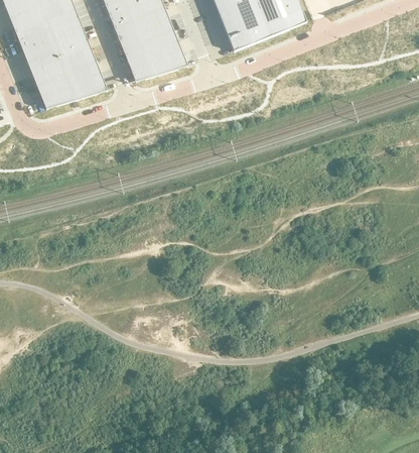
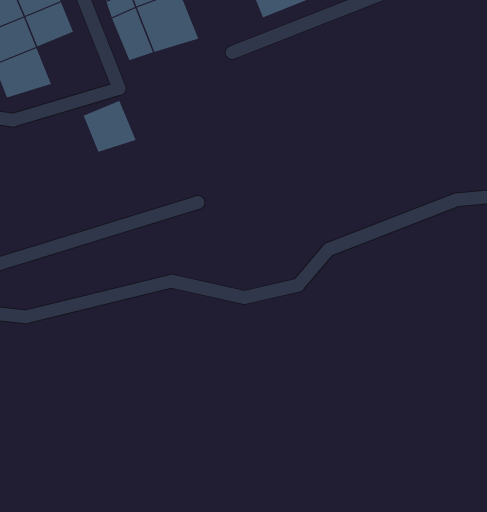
building: [68,60,108,98] -> [83,100,136,153]

